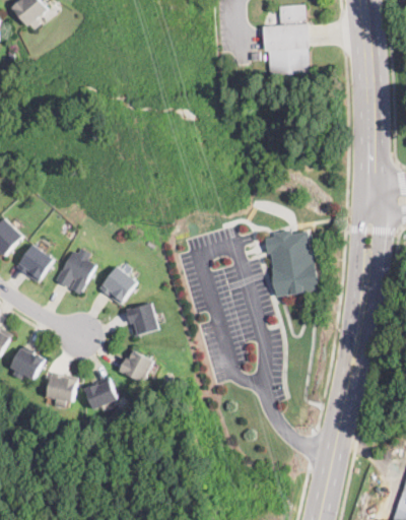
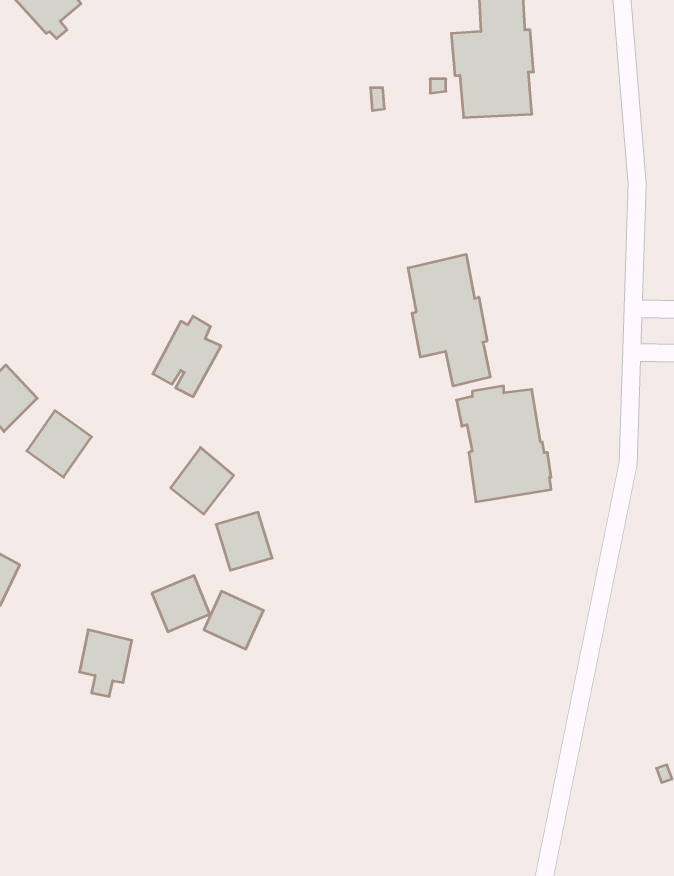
building: none -> [408,254,490,386]
building: [56,247,95,294] -> [153,316,221,397]
building: [11,345,45,379] -> none
building: [83,377,117,409] -> [152,576,210,632]

